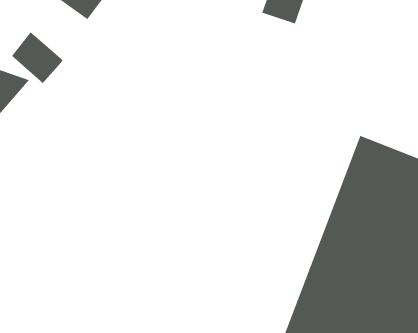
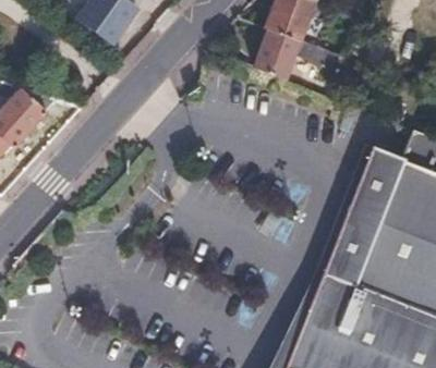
building: none -> [264,35,307,84]
building: [11,31,64,84] -> none

